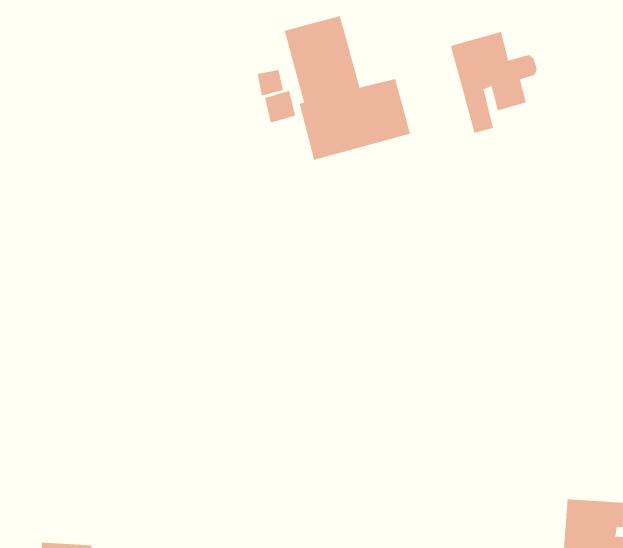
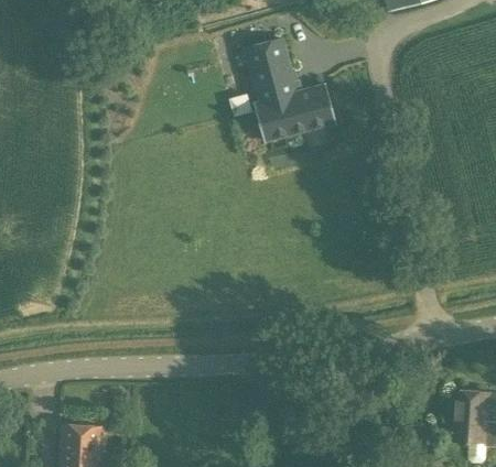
building: [450,31,537,134] -> none

